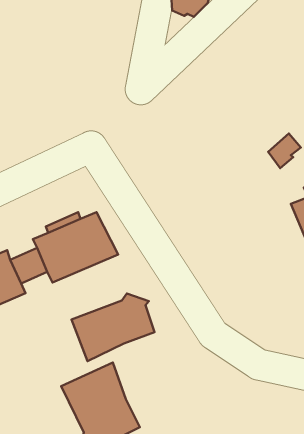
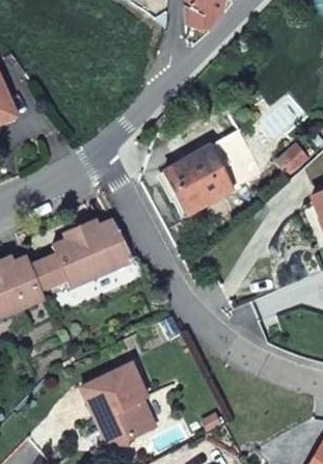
building: none -> [164,128,265,214]
building: [72,294,154,361] -> none

